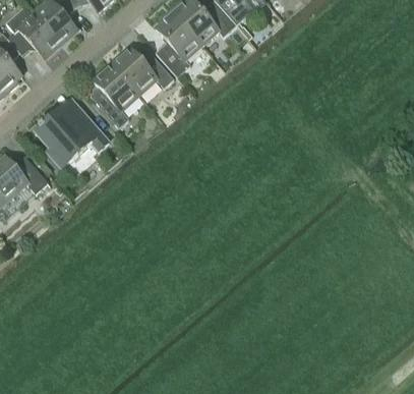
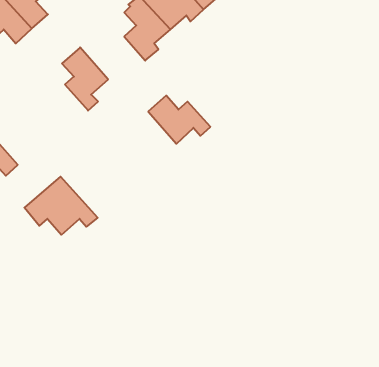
building: [110,47,173,96] -> [148,96,210,144]
building: [34,99,108,158] -> [24,177,98,235]

